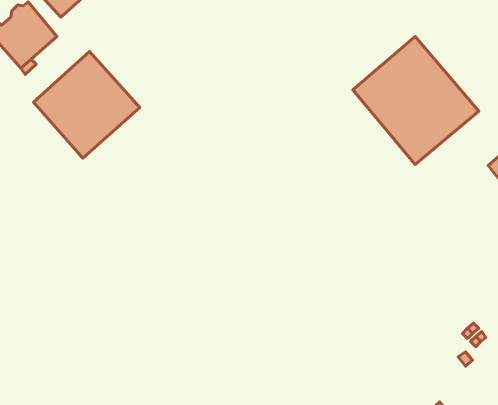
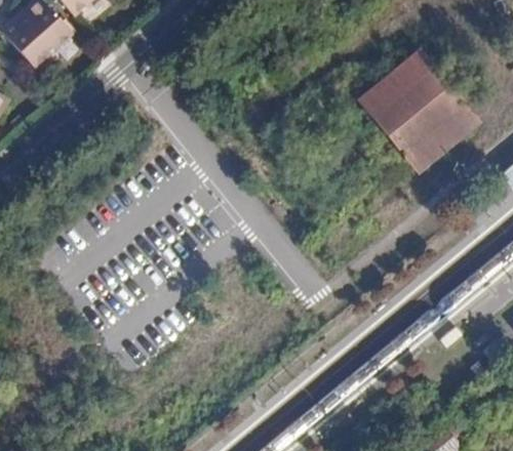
building: [33,51,140,158] -> none

